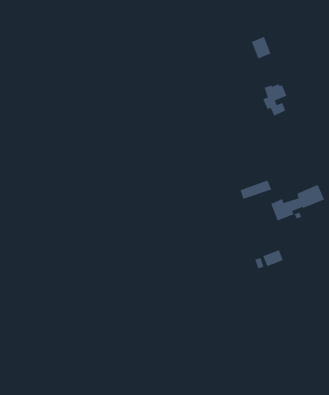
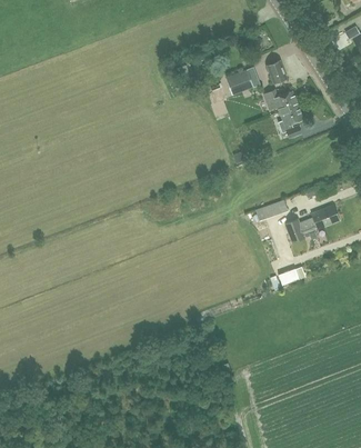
building: none -> [227,67,255,93]
building: none -> [265,89,299,109]

